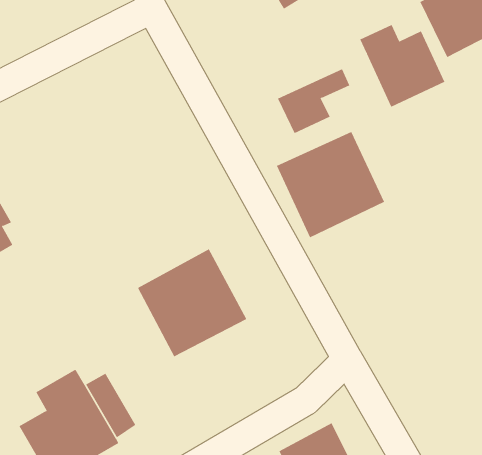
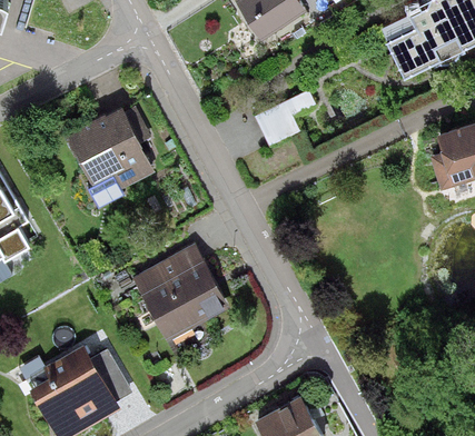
building: [360,24,445,107] -> none
building: none -> [63,100,156,210]
building: [276,131,385,238] -> none

